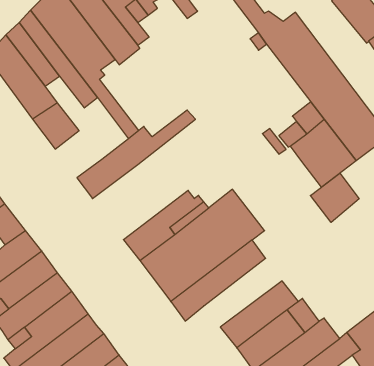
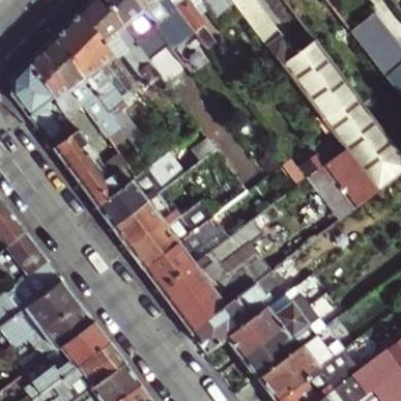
building: none -> [76,160,122,207]
building: none -> [113,194,214,269]
building: [310,173,359,222] -> none
building: none -> [225,288,304,357]

